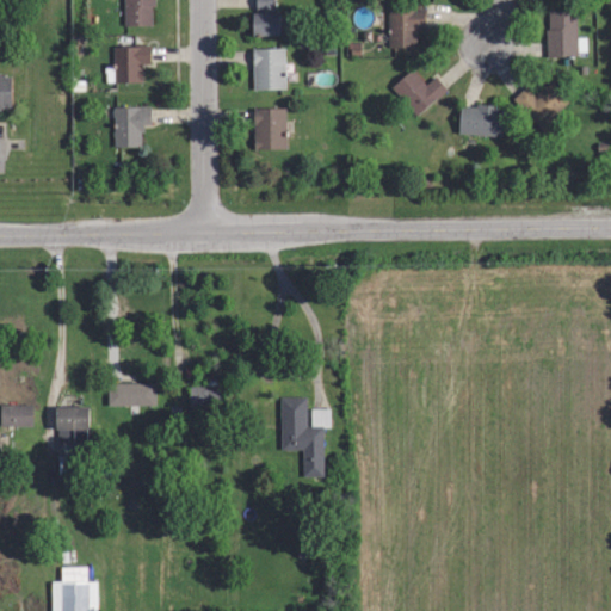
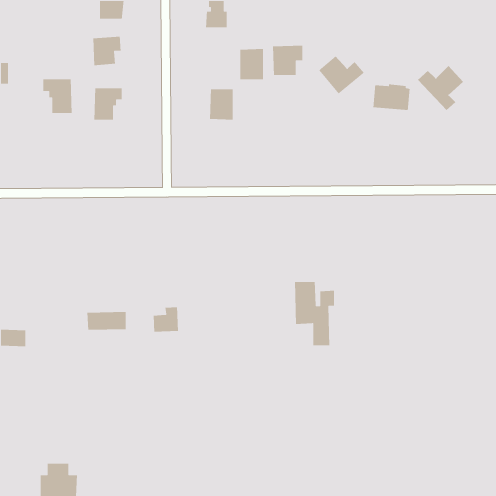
building: [388,10,426,48] -> [272,45,303,76]
building: [545,10,590,57] -> none
building: [254,49,284,88] -> [240,48,264,80]
building: none -> [42,78,73,114]
building: [280,397,331,477] -> [294,281,335,346]
building: [56,407,90,458] -> none

